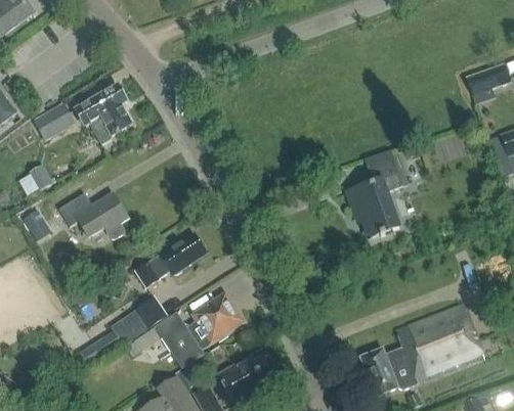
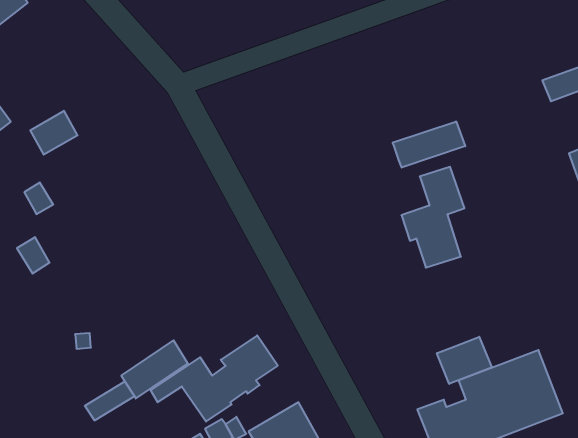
building: [76,85,132,144] -> none
building: none -> [393,121,465,168]
building: [57,192,127,238] -> none
building: [135,235,206,287] -> none
building: none -> [437,337,492,384]

